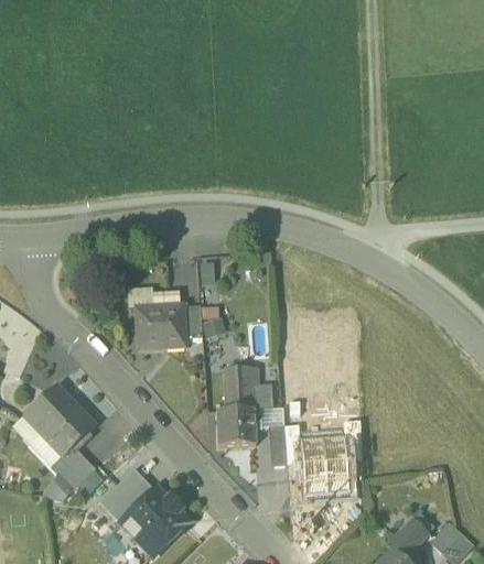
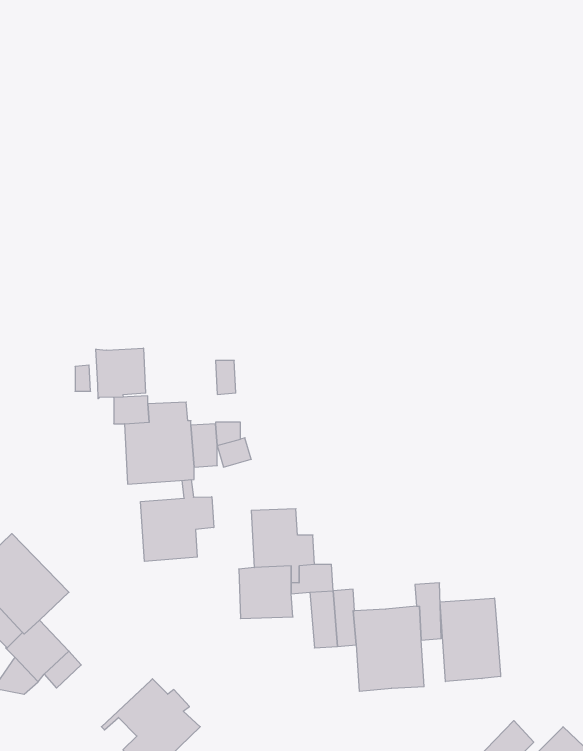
building: none -> [96,348,146,399]
building: none -> [141,480,214,561]
building: none -> [440,598,501,682]
building: [98,468,153,522] -> none

